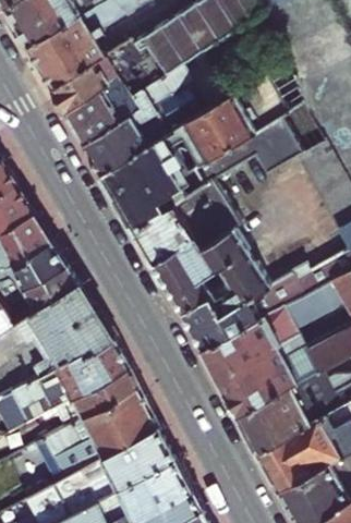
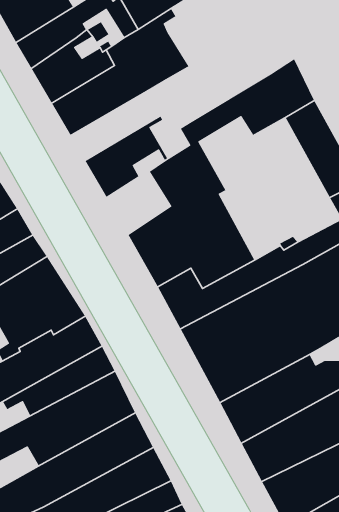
building: [185,81,282,162] -> none
building: [99,134,182,197] -> none
building: [132,187,191,265] -> none

